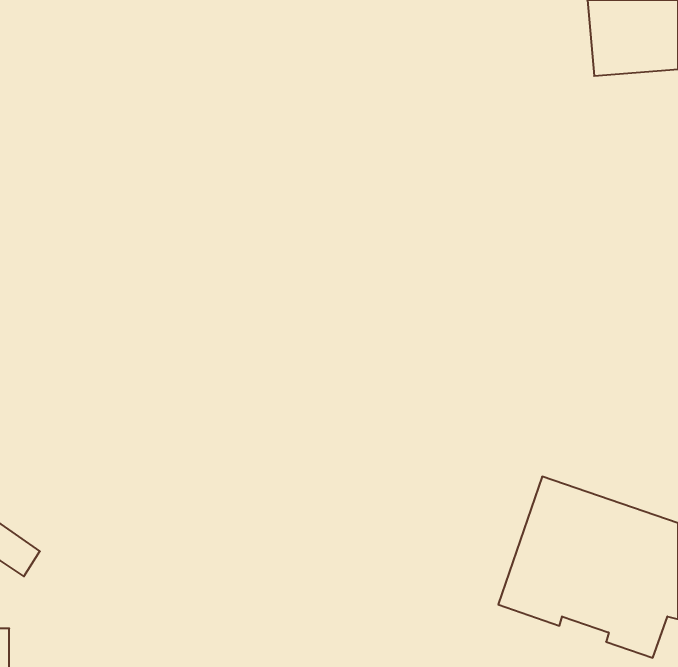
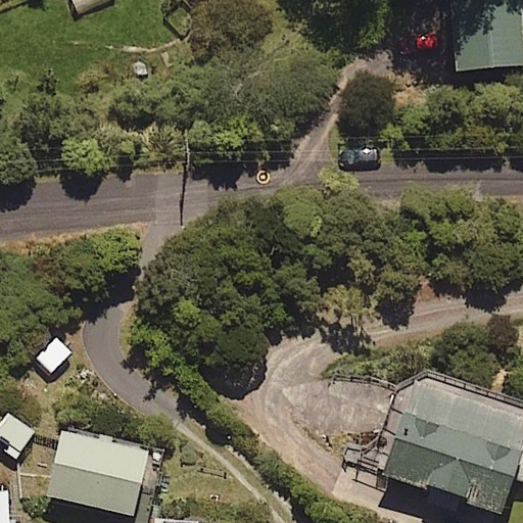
building: none -> [45,427,149,517]

